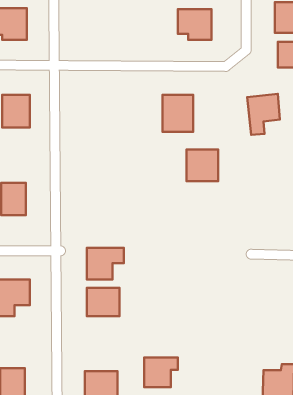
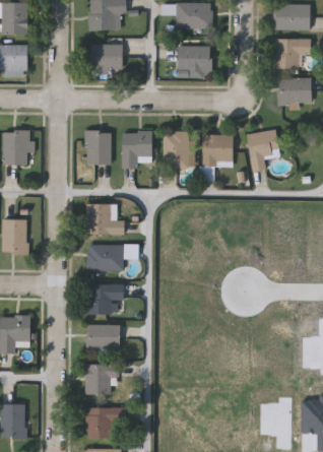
building: none -> [89,45,123,71]
building: none -> [84,132,112,165]
building: none -> [122,132,153,168]
building: [186,149,218,181] -> [202,136,234,168]
building: none -> [86,204,124,235]
building: none -> [87,245,123,270]
building: [144,357,178,387] -> [84,365,118,394]

